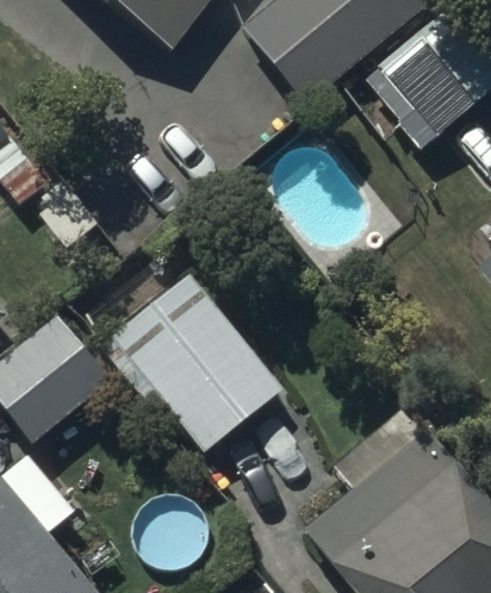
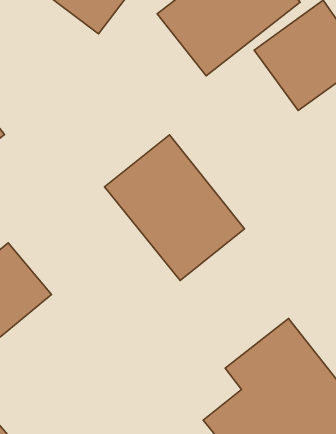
building: [110,271,284,452] -> [104,135,245,281]

